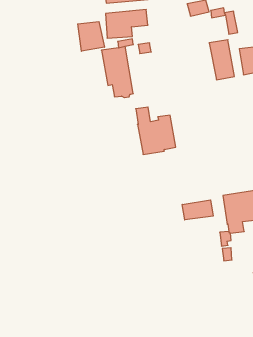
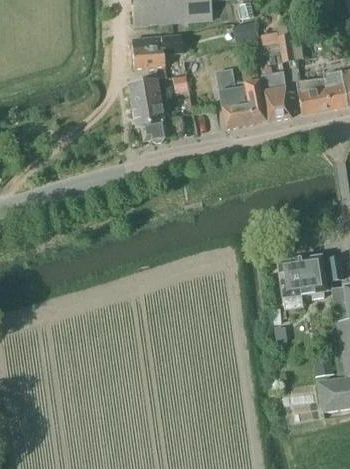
building: [78,22,104,51] -> none
building: [136,107,176,154] -> [216,69,265,127]
building: [182,200,213,220] -> none

